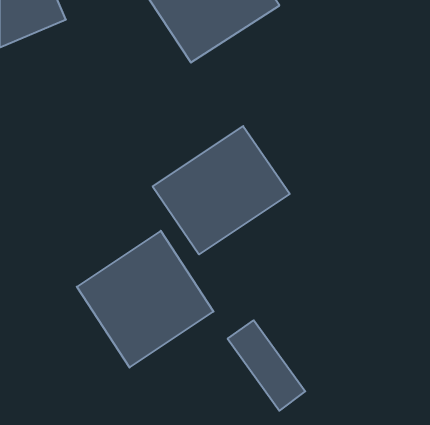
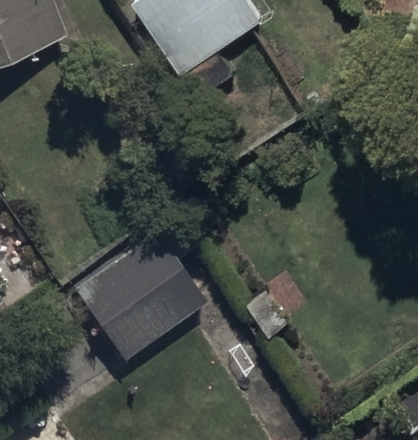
building: [153,126,290,254] -> none

